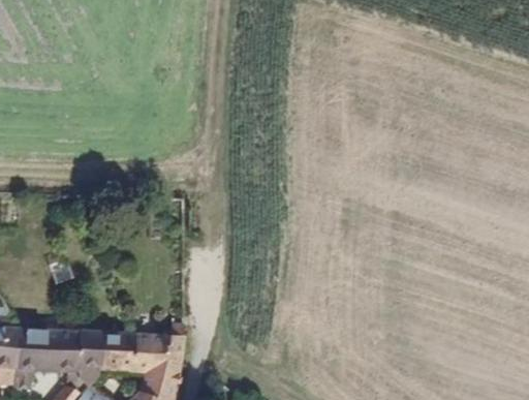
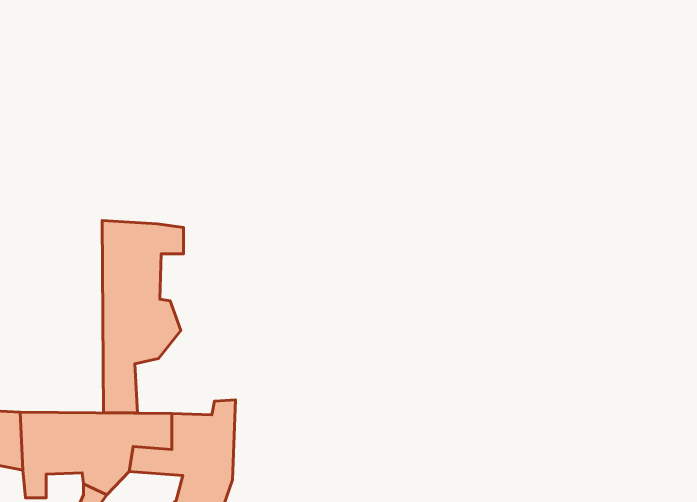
building: none -> [102,220,183,413]

